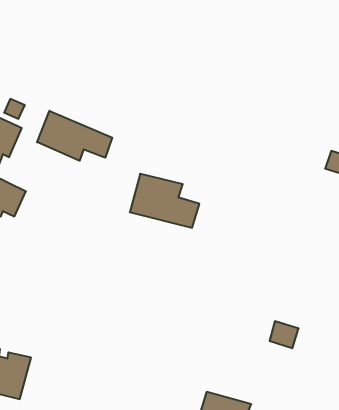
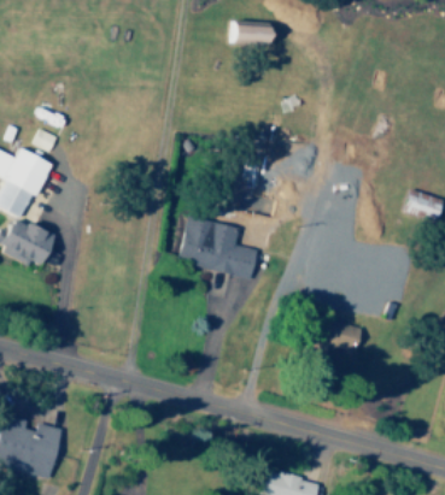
building: none -> [221,23,263,45]
building: [37,111,112,161] -> none
building: [270,321,299,348] -> [330,320,364,352]

